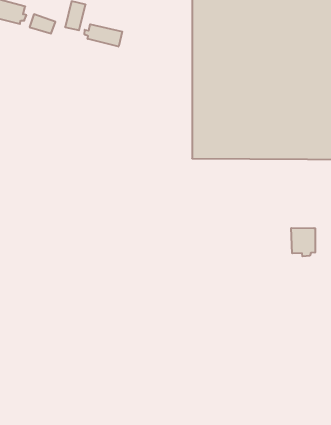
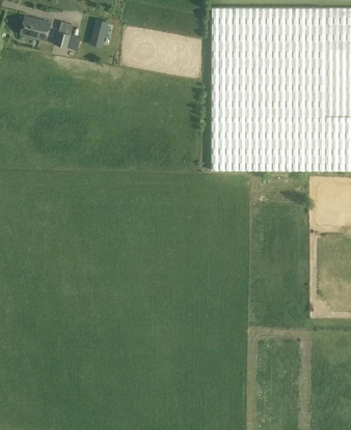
building: [85,24,122,47] -> none
building: [291,228,315,256] -> none

